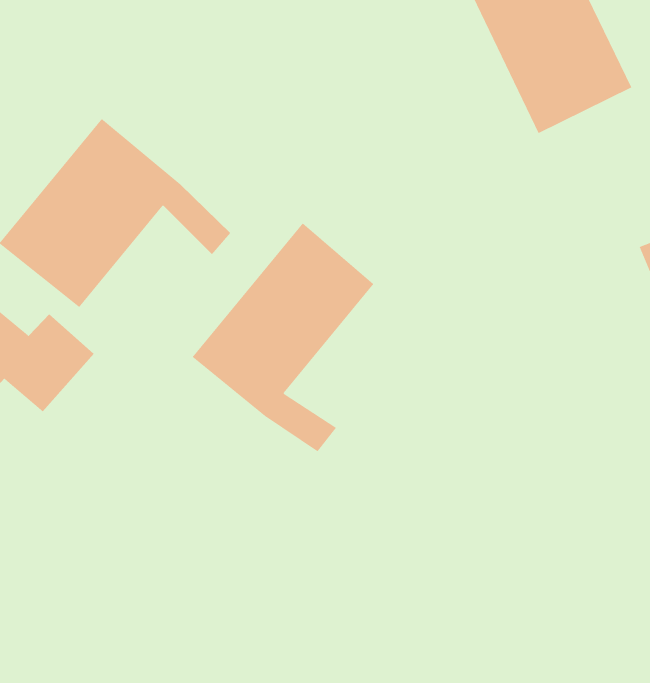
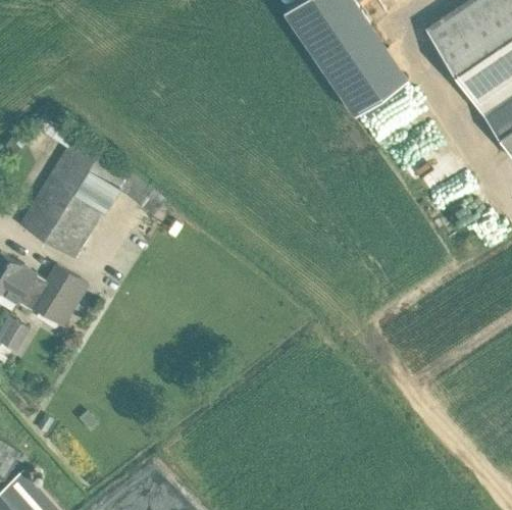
building: [192,222,374,452] -> none

